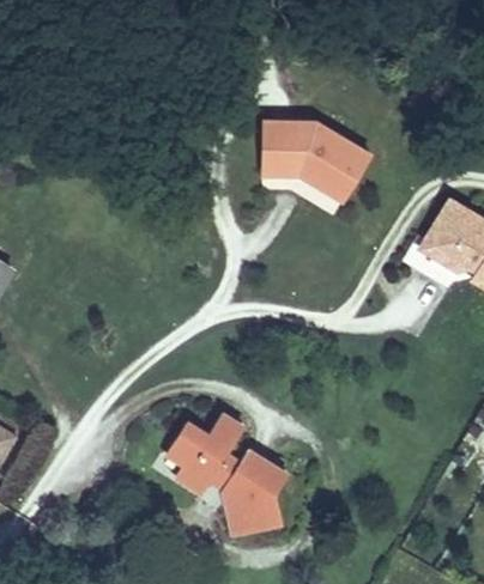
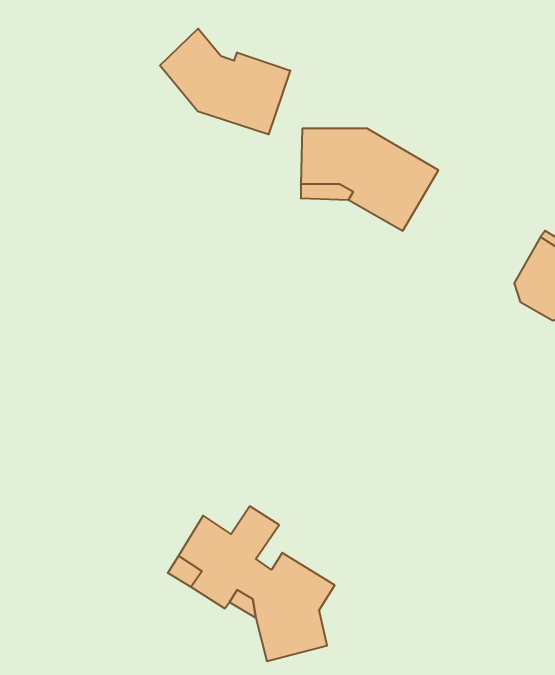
building: none -> [160,29,290,134]

